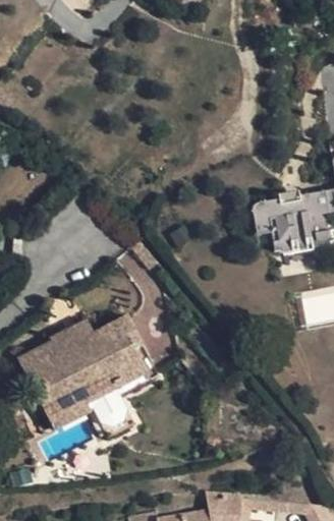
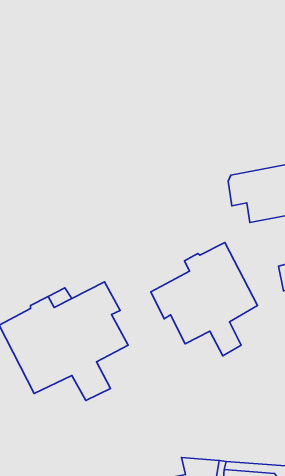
building: none -> [151,243,258,356]

